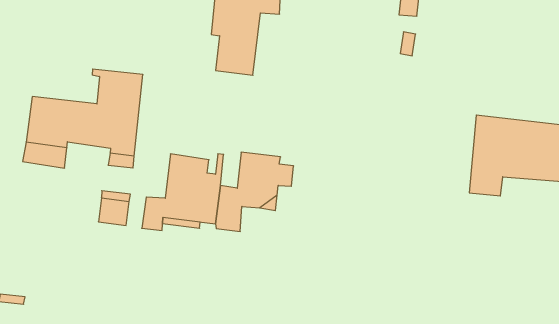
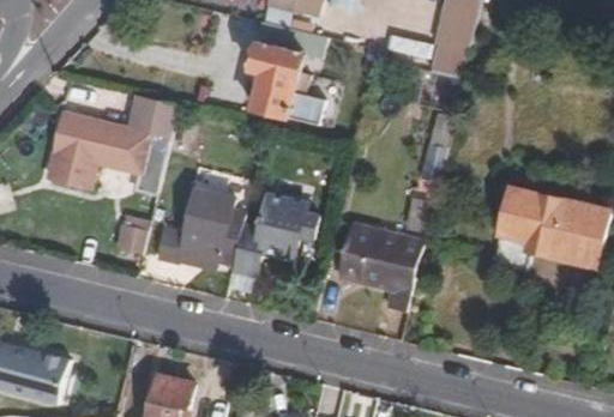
building: none -> [337,225,422,313]

